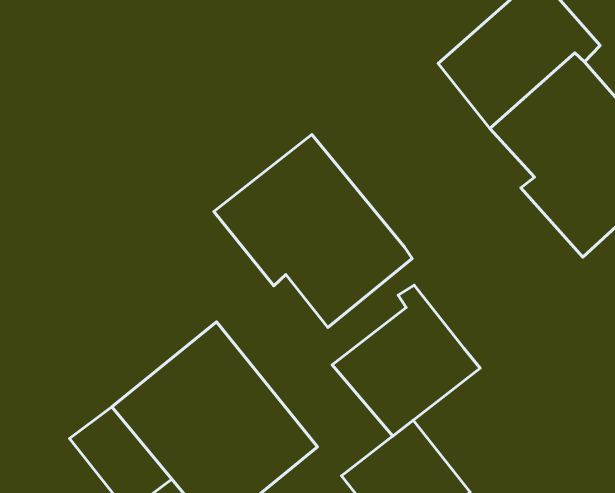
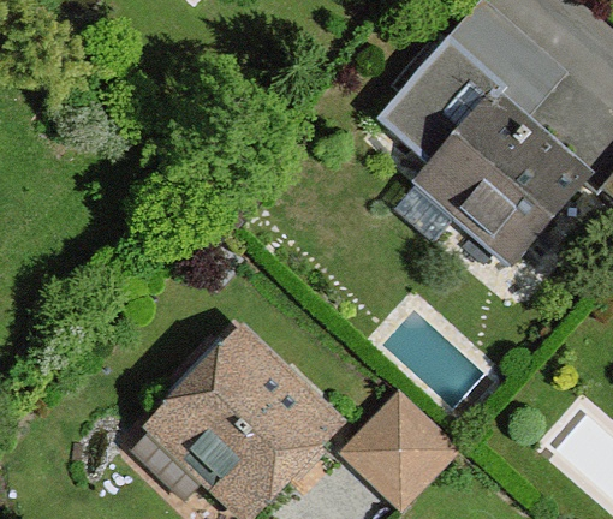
building: [214,135,412,327] -> none
building: [332,285,480,436] -> none

